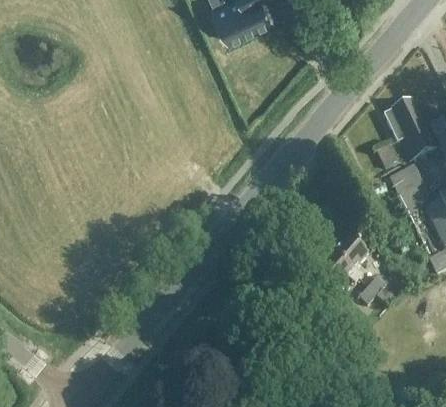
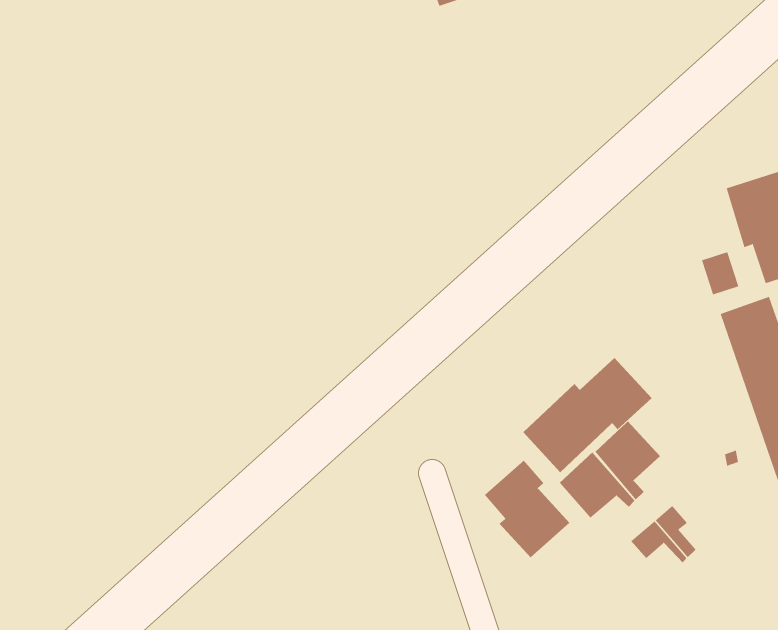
building: none -> [522,357,652,473]
building: none -> [484,460,570,558]

